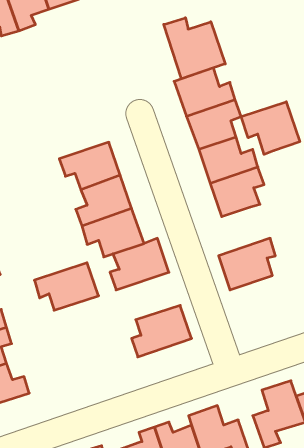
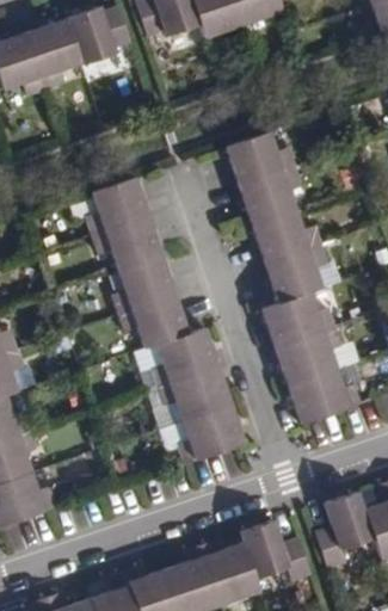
building: [164,18,225,79] -> none
building: [241,102,300,154] -> none
building: none -> [86,177,149,235]
building: none -> [263,291,335,347]
building: [34,263,99,310] -> [158,366,232,421]
building: none -> [289,370,362,424]

